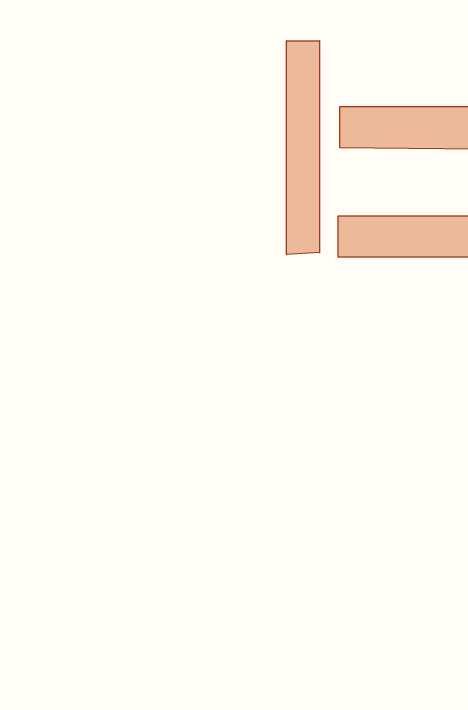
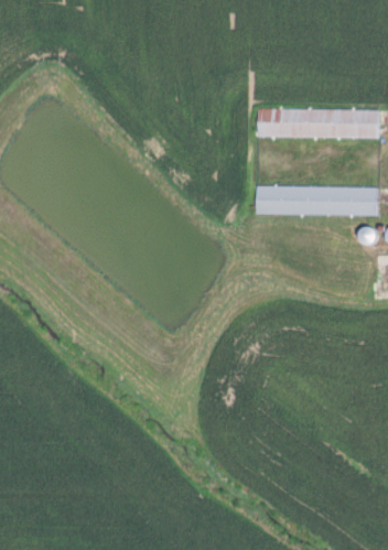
building: [287,41,320,255] -> none

